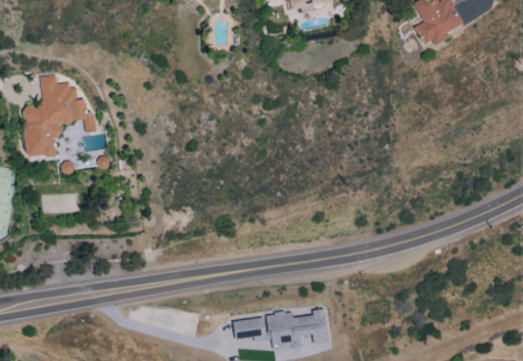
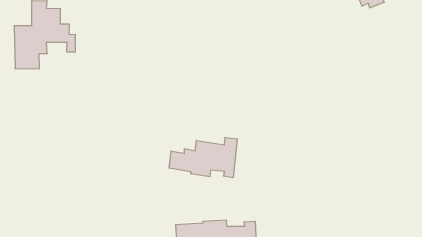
building: none -> [169,137,237,178]

